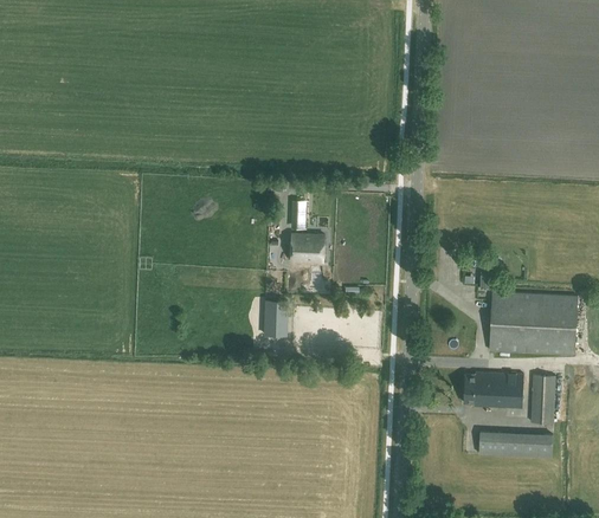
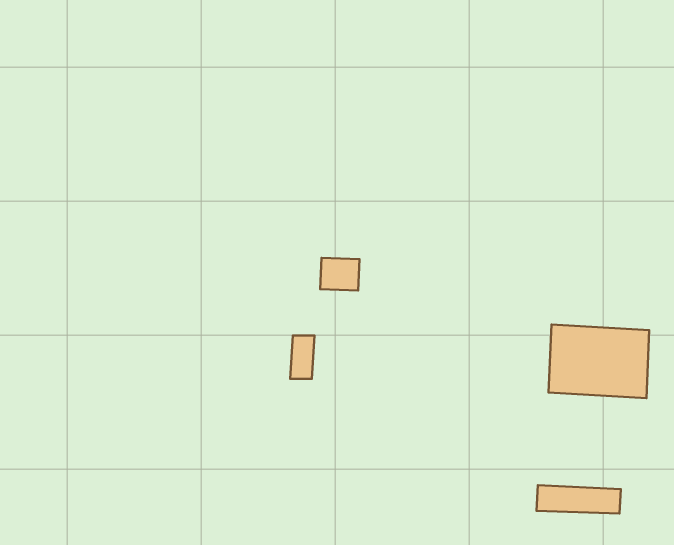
building: [463,370,522,406] -> none
building: [530,373,555,421] -> none

